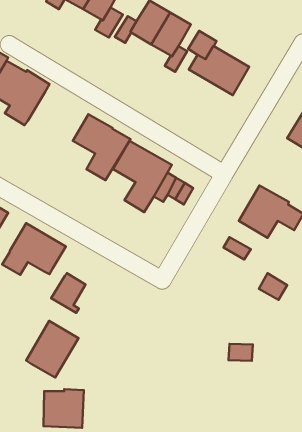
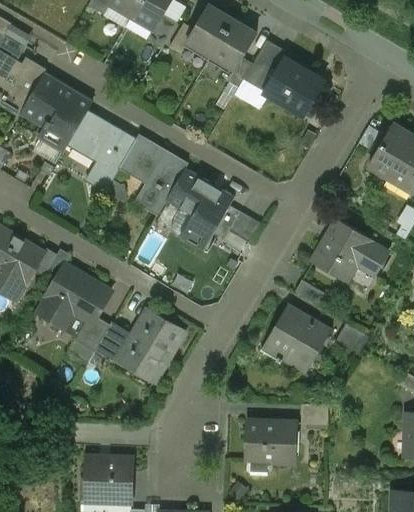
building: none -> [67,111,136,192]
building: none -> [267,305,331,366]
building: none -> [74,316,110,351]
building: [26,321,79,378] -> [120,313,181,379]
building: none -> [246,420,295,474]

